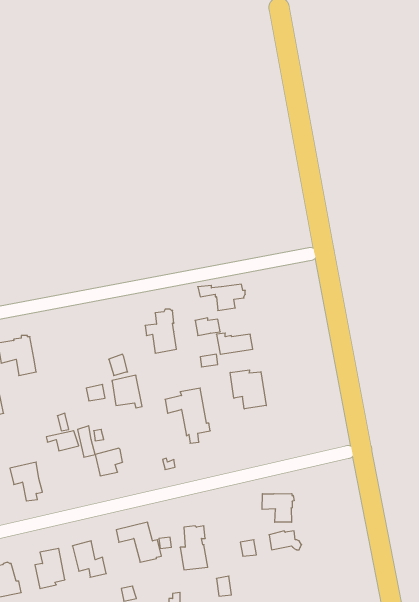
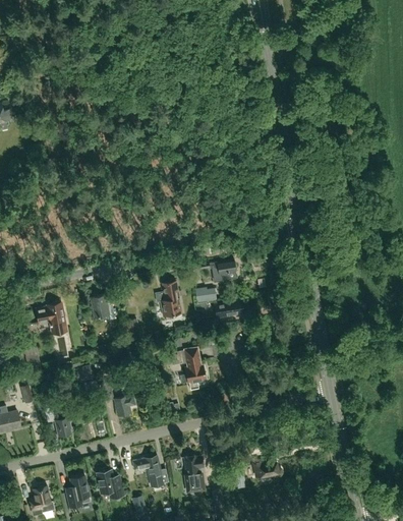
building: [230,370,266,409] -> none
building: [112,375,142,408] -> [91,293,115,320]
building: [262,494,294,522] -> none

